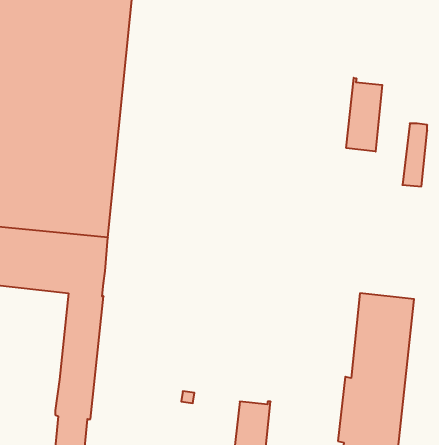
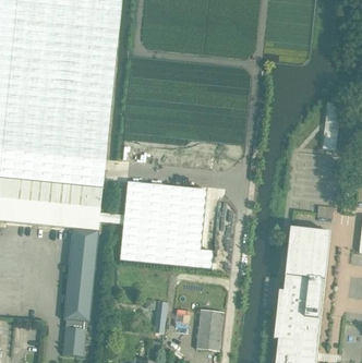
building: [346,78,382,152] -> none
building: none -> [99,181,214,269]

